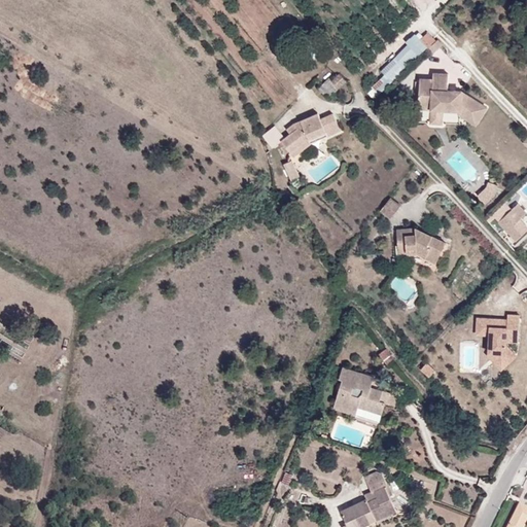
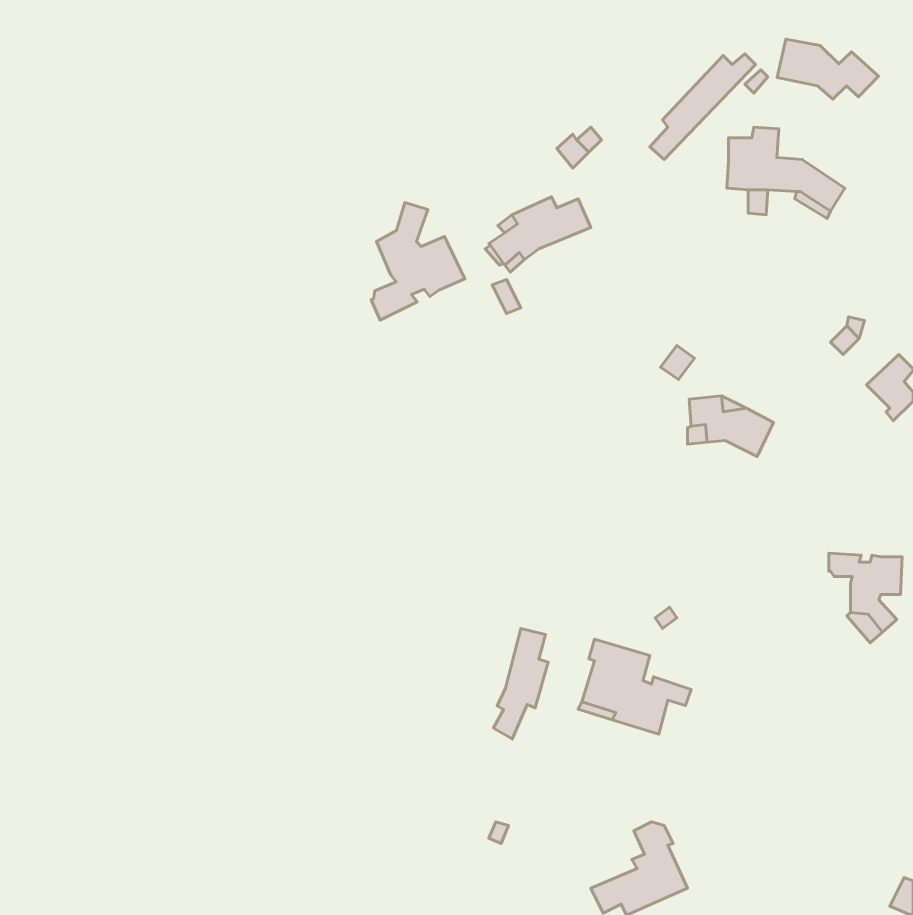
building: none -> [777,39,878,99]
building: none -> [371,203,465,320]
building: none -> [494,628,548,739]

